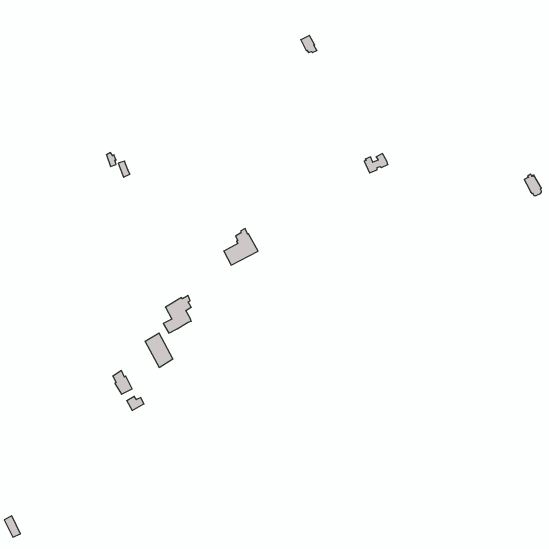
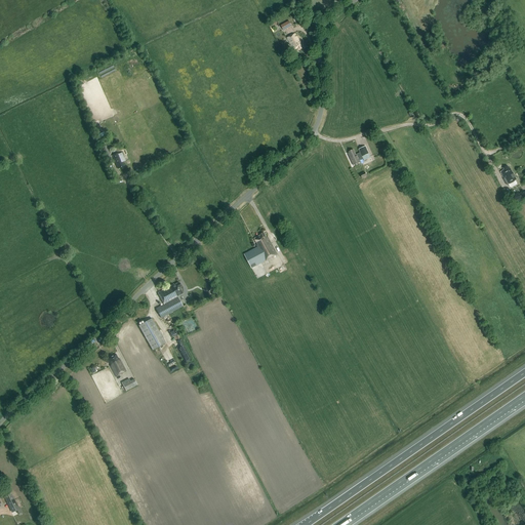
building: [224,229,258,265] -> [244,233,277,268]

